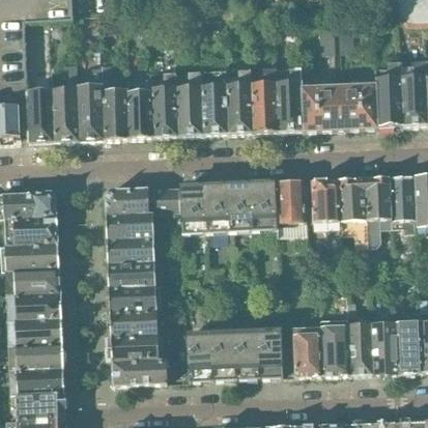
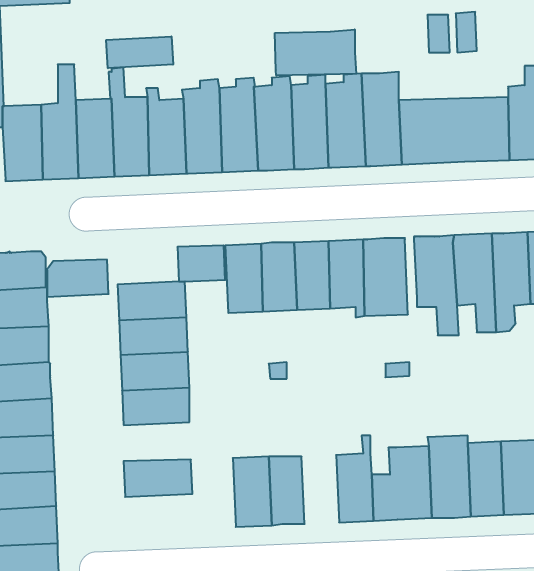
building: none -> [275,29,356,75]
building: none -> [106,36,173,68]
building: [106,187,149,212] -> [46,260,109,297]
building: [111,308,158,335] -> none
building: [234,331,260,378] -> none
building: [112,358,169,383] -> none

